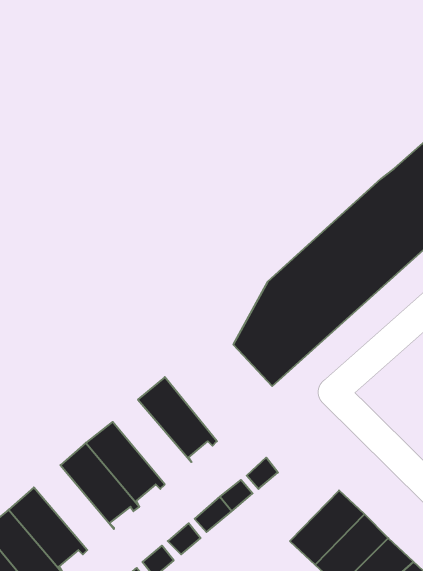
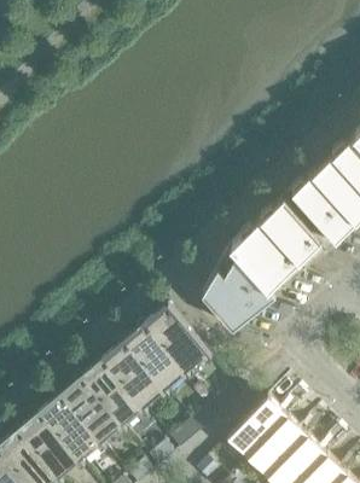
building: none -> [146,305,211,376]
building: none -> [104,342,168,411]
building: none -> [40,395,105,464]
building: none -> [228,396,288,456]

